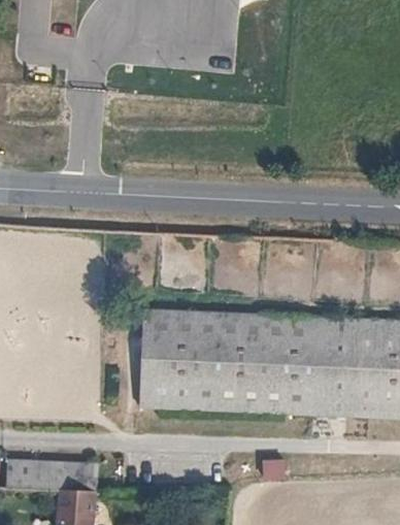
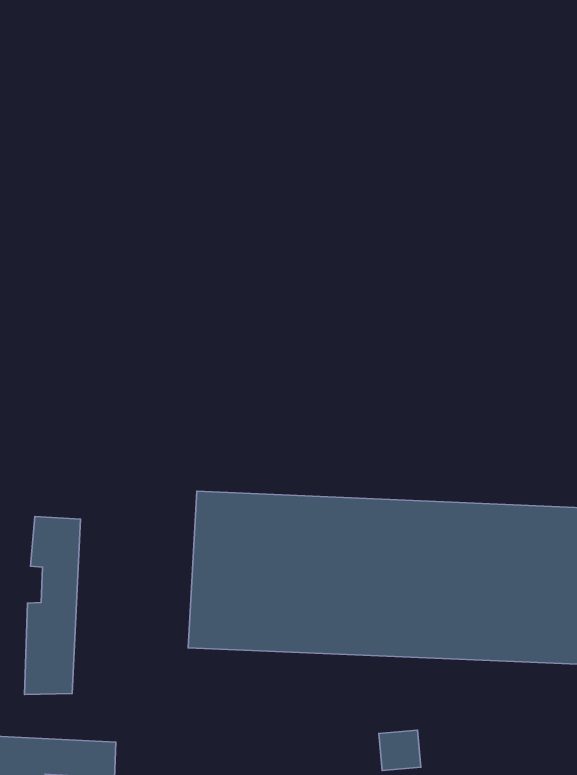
building: none -> [25,517,81,695]

